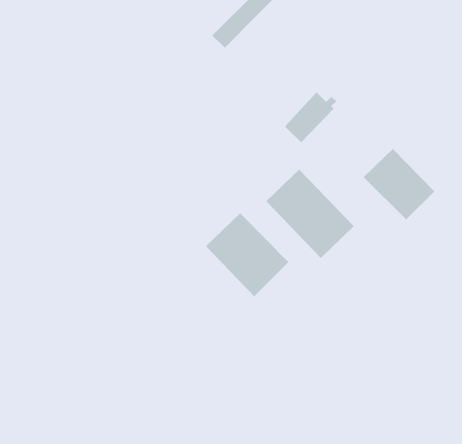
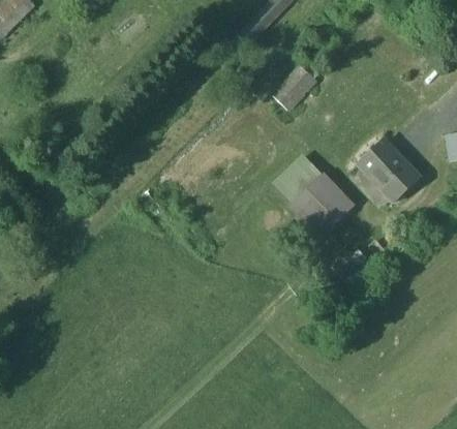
building: [284,92,337,143] -> [272,65,317,110]
building: [205,213,289,297] -> none

